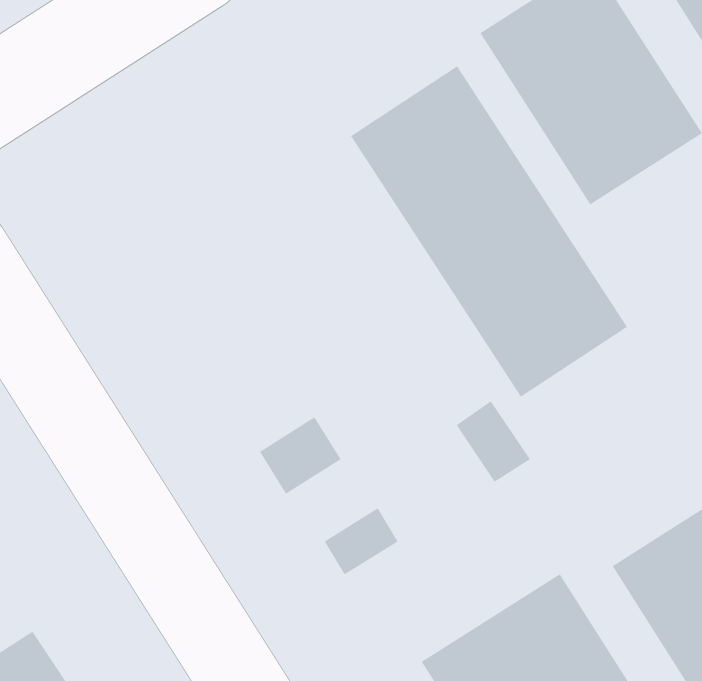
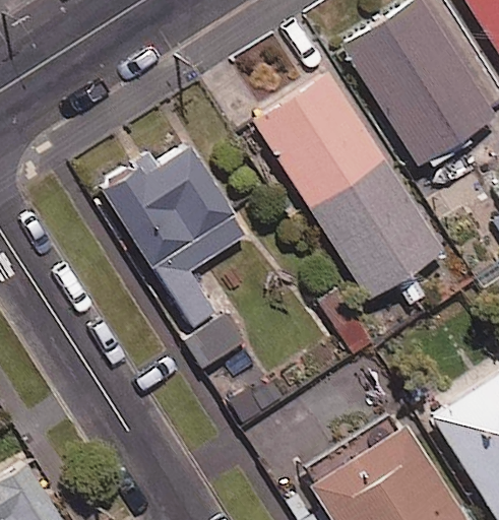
building: none -> [101,145,248,329]

